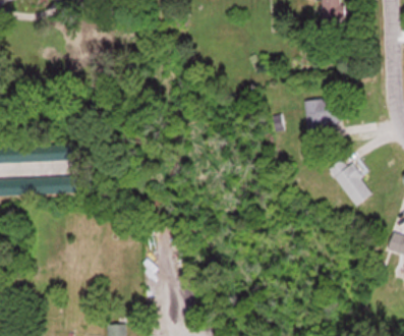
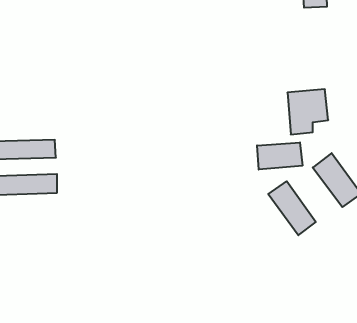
building: none -> [257,142,302,170]
building: none -> [268,181,316,235]

